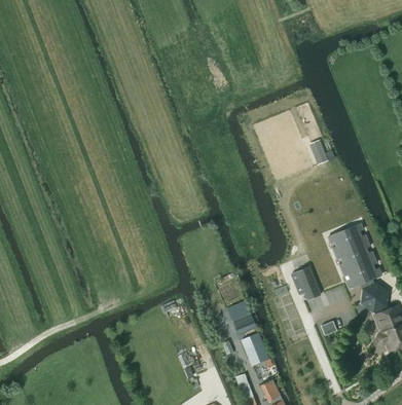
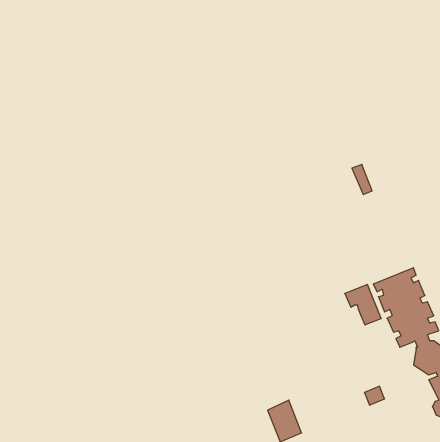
building: [291,267,321,300] -> [345,285,381,325]
building: [227,300,256,334] -> none

